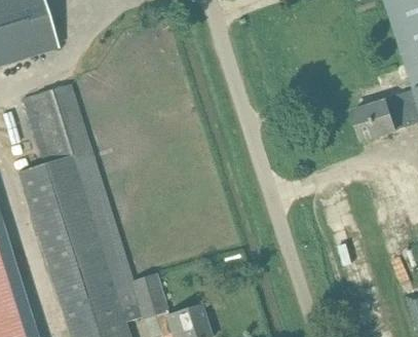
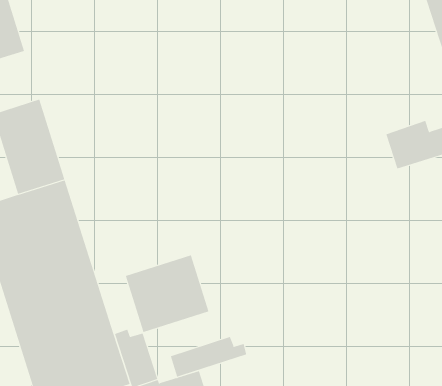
building: none -> [125,255,209,333]
building: none -> [170,336,247,378]

